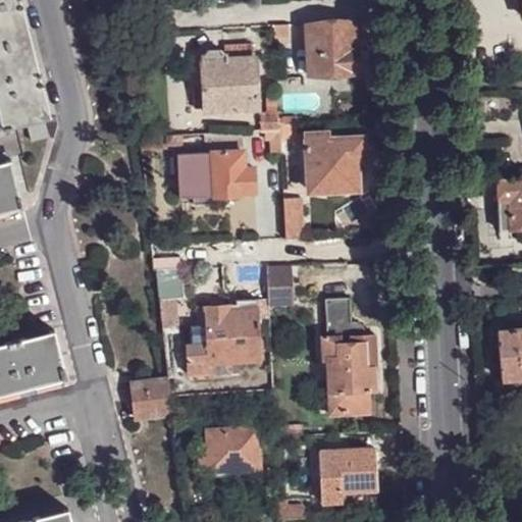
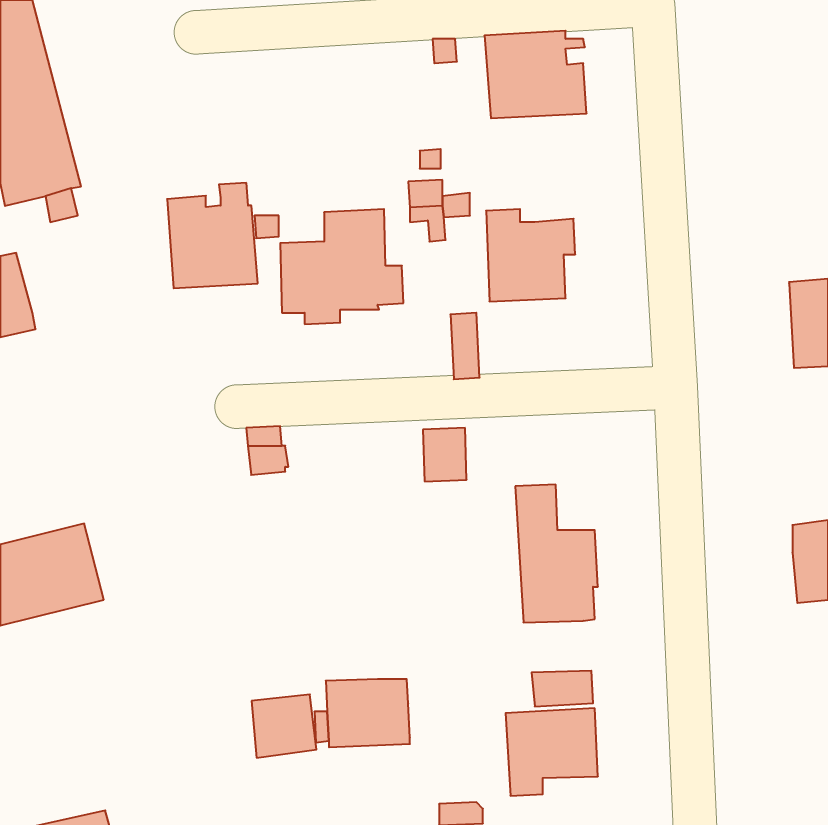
building: [201,46,258,112] -> [167,183,258,288]
building: [186,298,259,376] -> none
building: [132,380,172,420] -> [252,694,316,758]
building: [329,393,368,415] -> [532,671,593,706]

